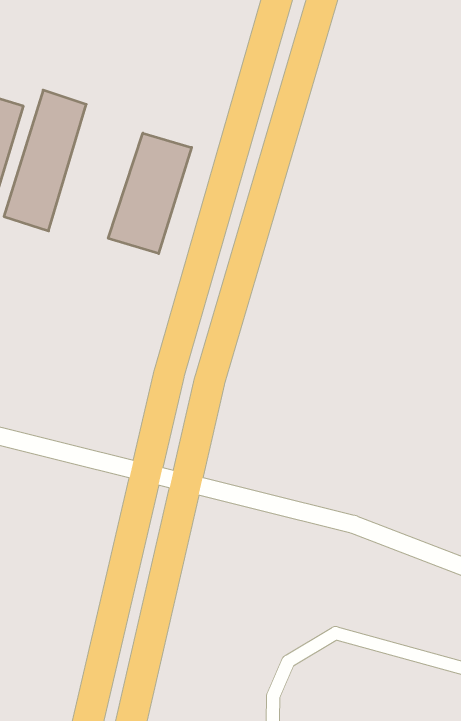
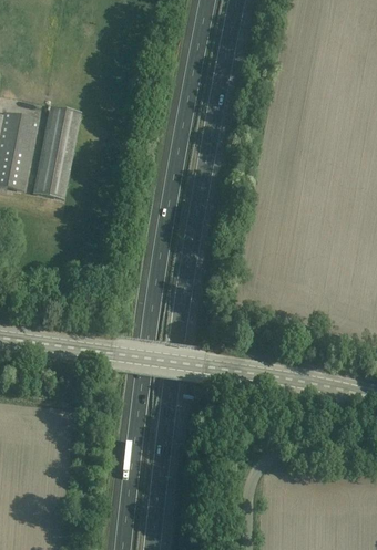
building: [108,133,192,254] -> none

